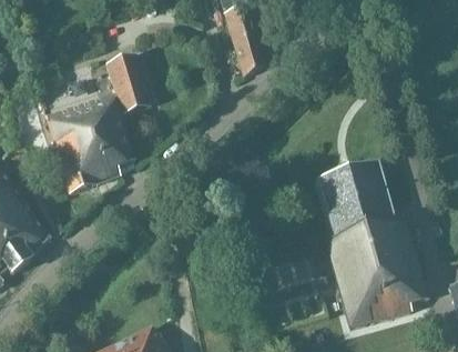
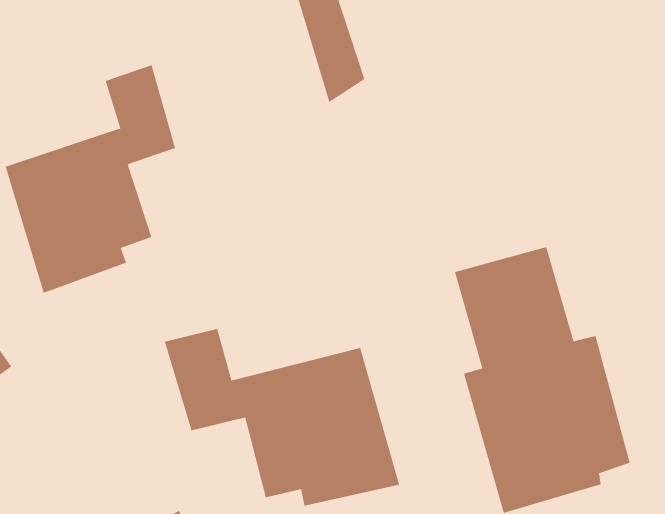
building: none -> [164,328,400,506]

